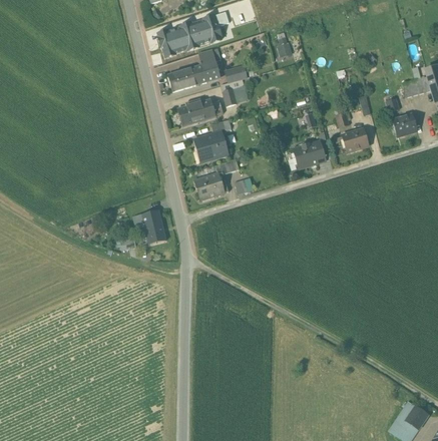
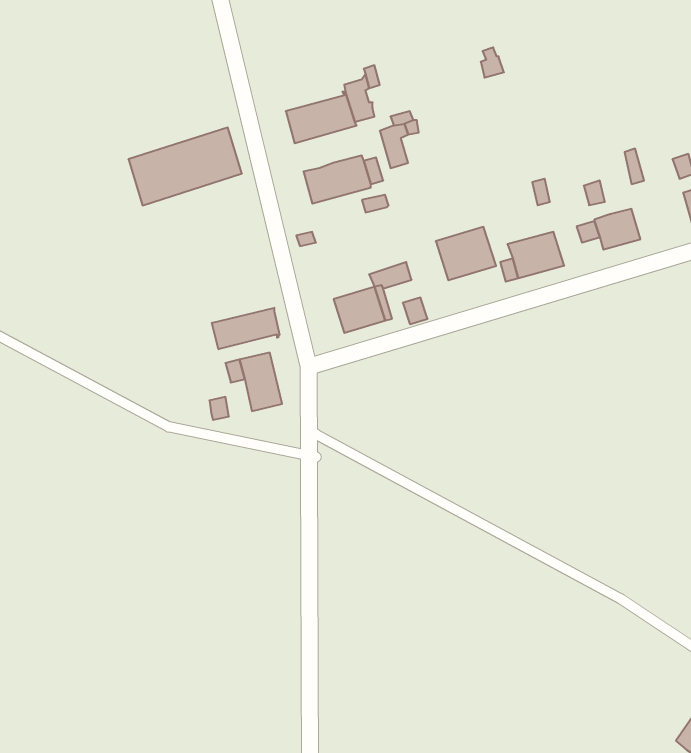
building: [157,15,222,59] -> [128,127,242,205]
building: [193,130,228,160] -> [436,227,496,280]
building: none -> [212,308,279,349]

